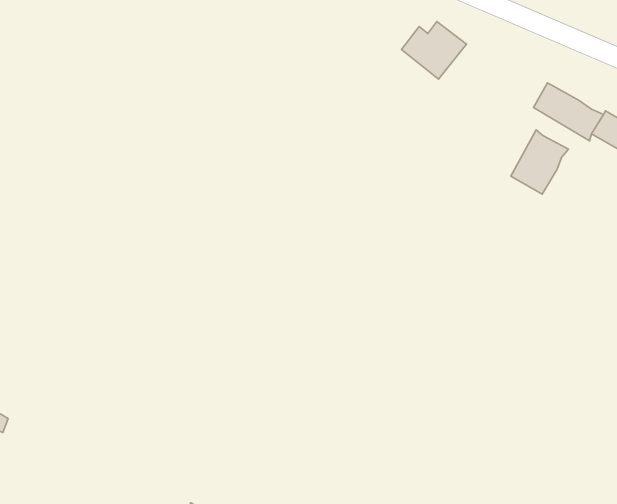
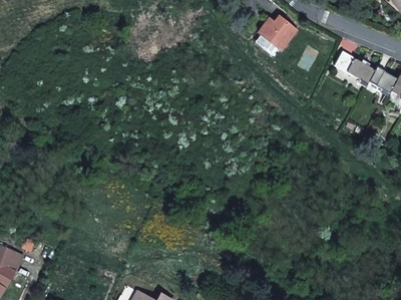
building: [511,130,569,194] -> none

